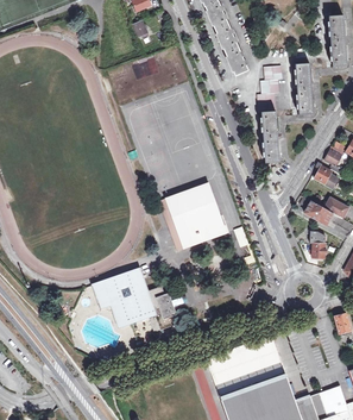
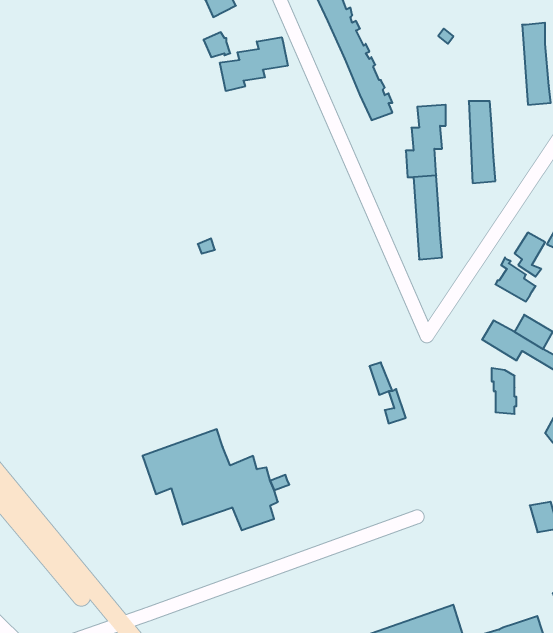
building: none -> [220,37,288,91]
building: [159,183,227,250] -> none

